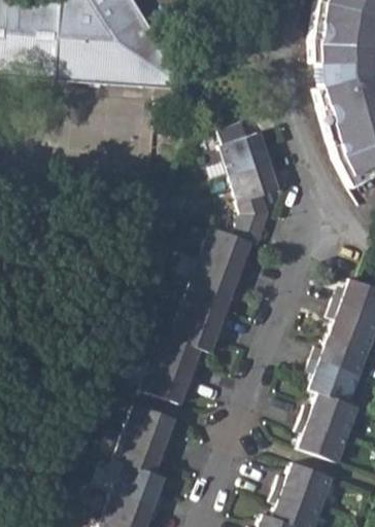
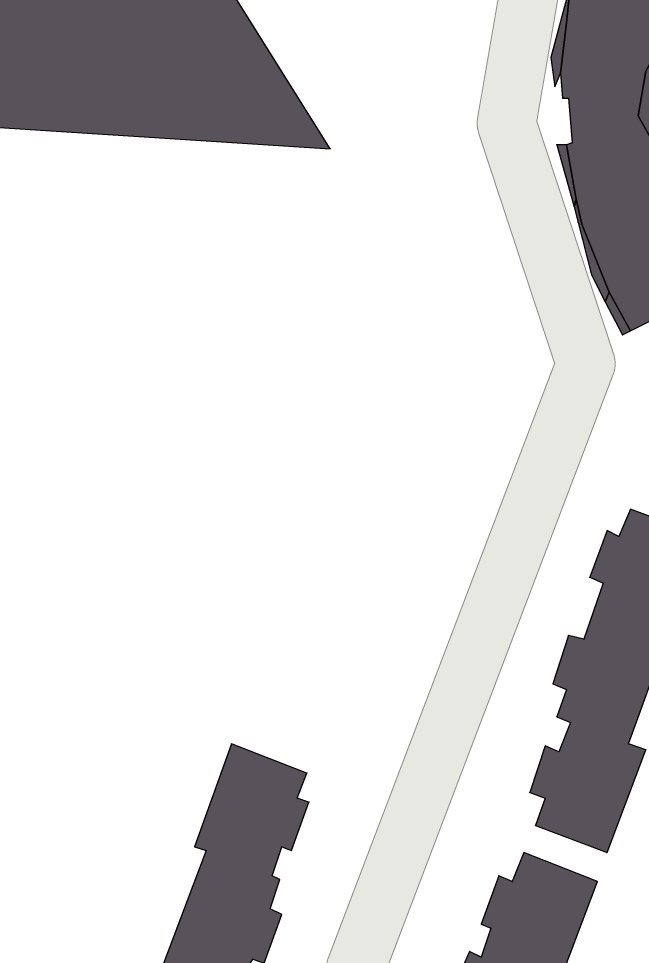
building: [145,118,277,405] -> none

